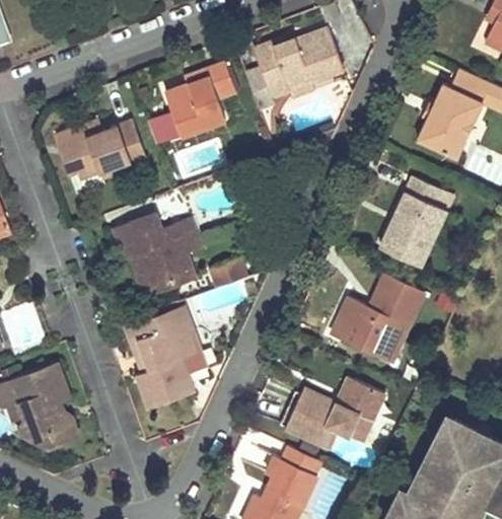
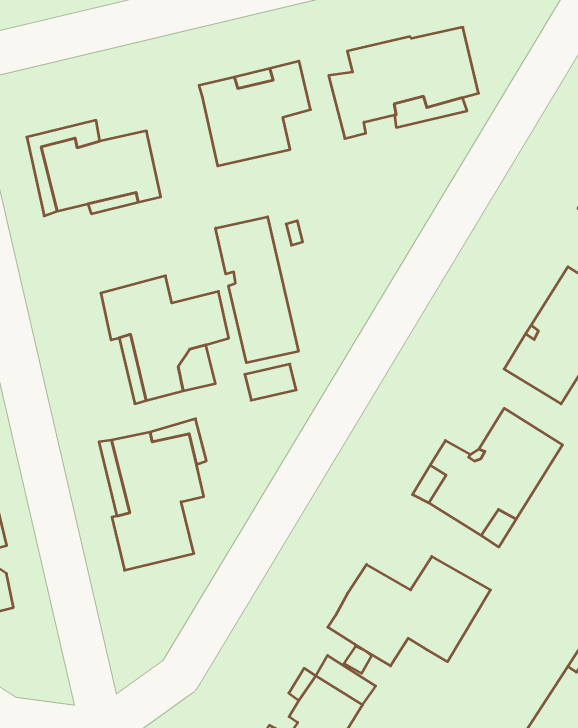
building: none -> [216,217,298,363]

